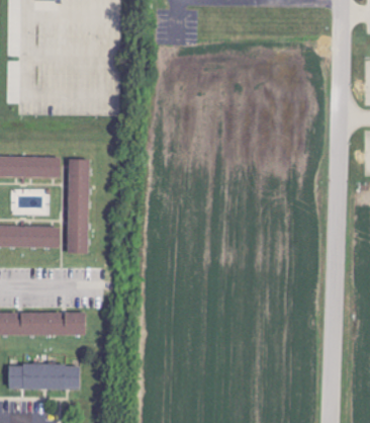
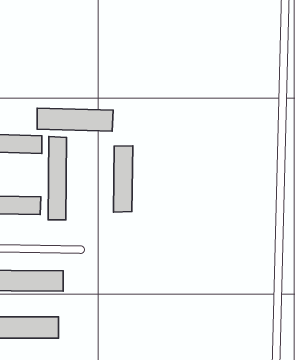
building: none -> [37,108,113,131]
building: none -> [113,146,133,212]

